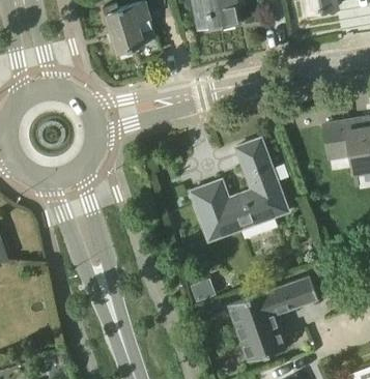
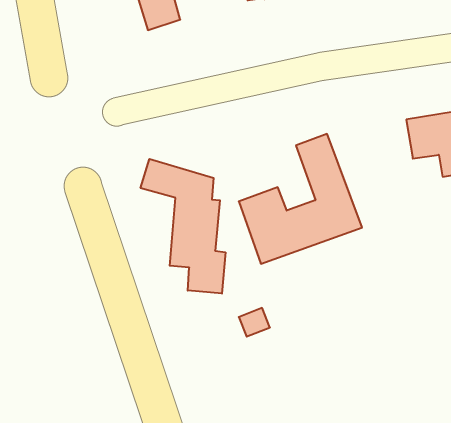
building: none -> [141,159,225,294]
building: [228,276,319,361] -> none

